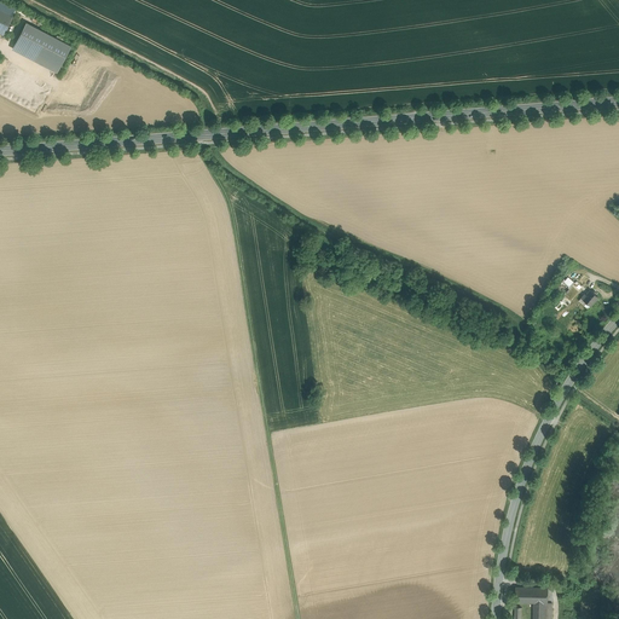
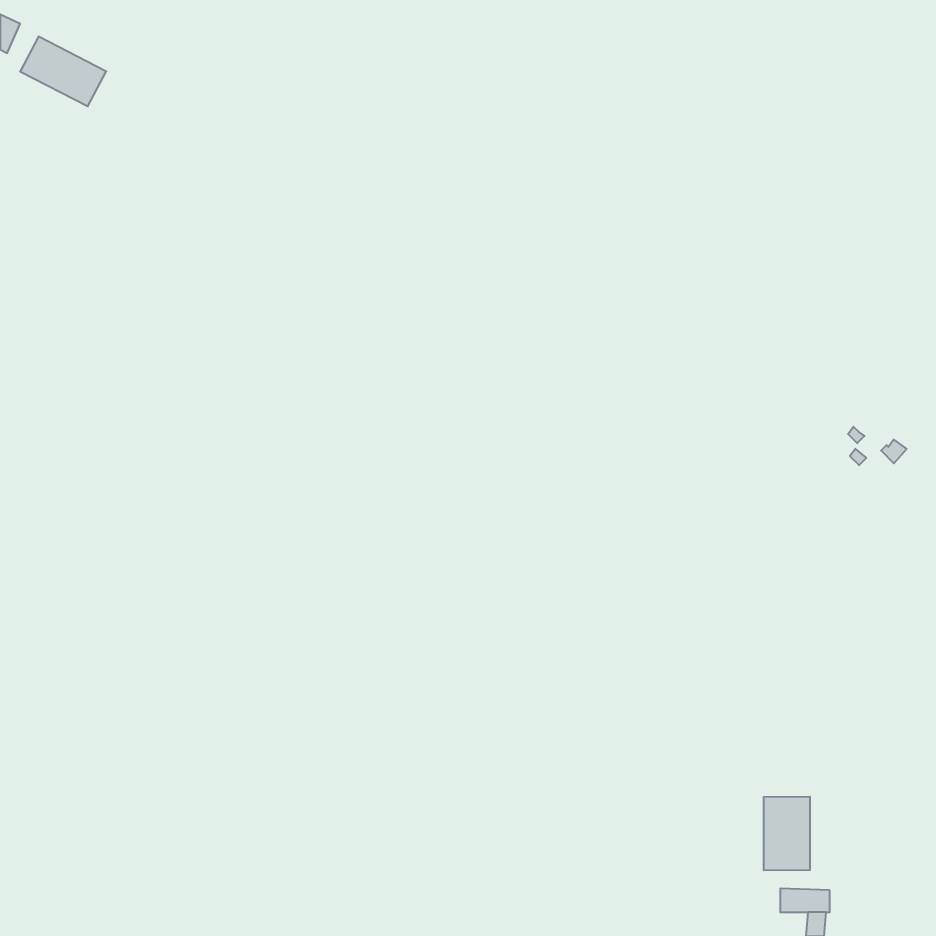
building: none -> [764,797,810,870]

